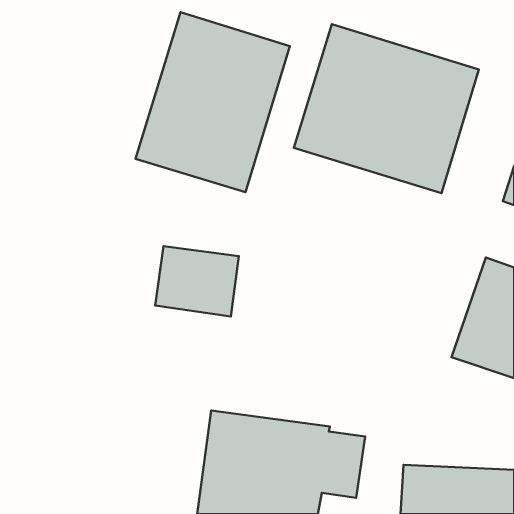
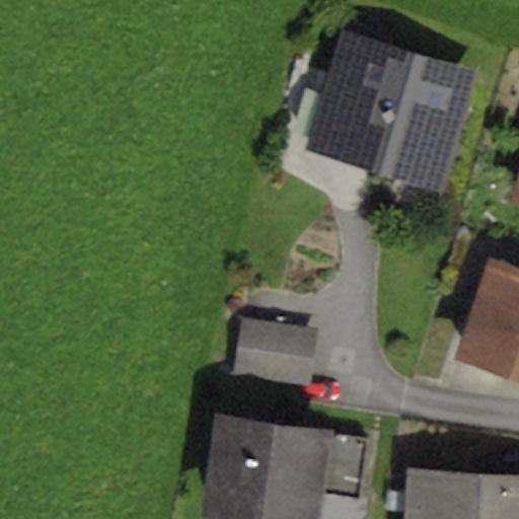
building: [136,12,290,192] -> none
building: [155,246,239,316] -> [233,318,317,389]

